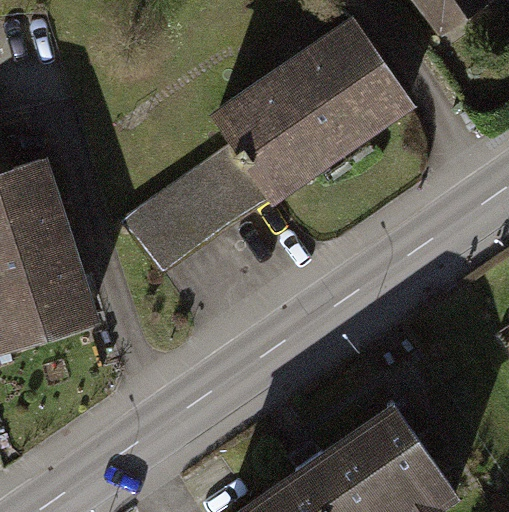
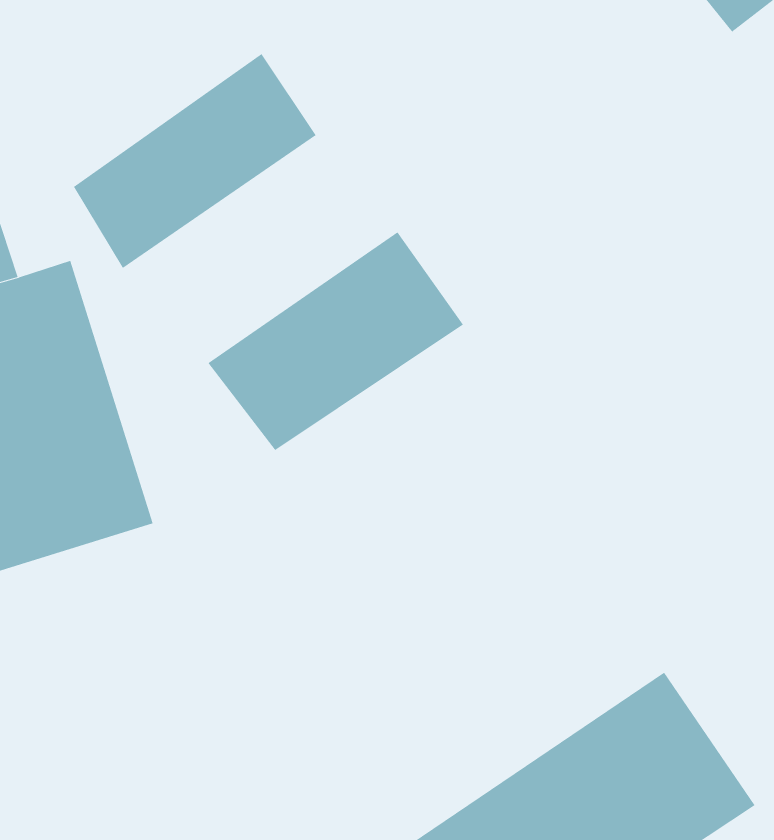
building: [214,16,413,200] -> none
building: none -> [73,53,316,269]

